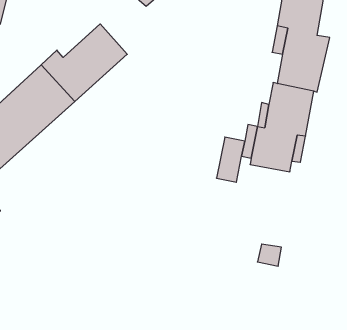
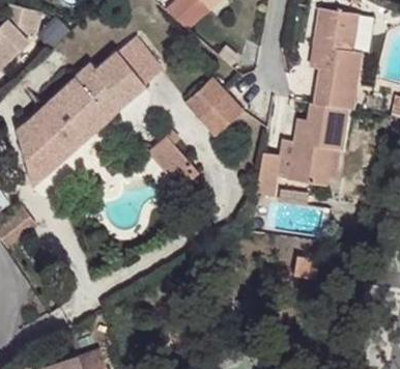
building: none -> [187,78,244,135]
building: none -> [150,137,201,190]

